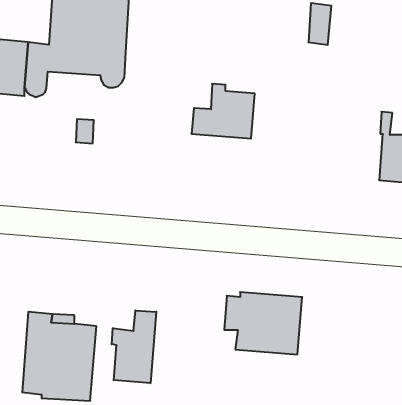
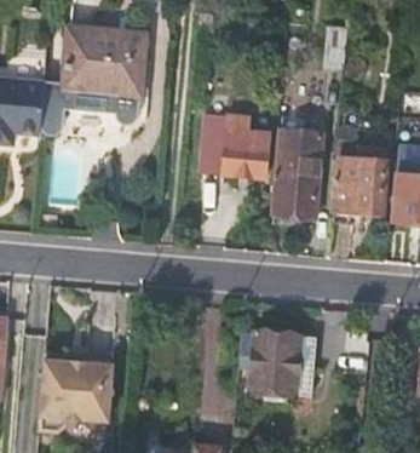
building: none -> [271,127,322,216]
building: none -> [335,157,387,212]
building: [112,310,156,383] -> none

